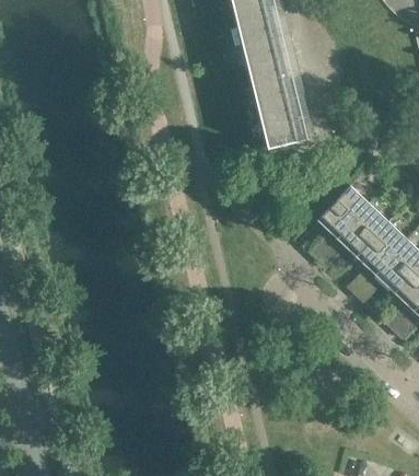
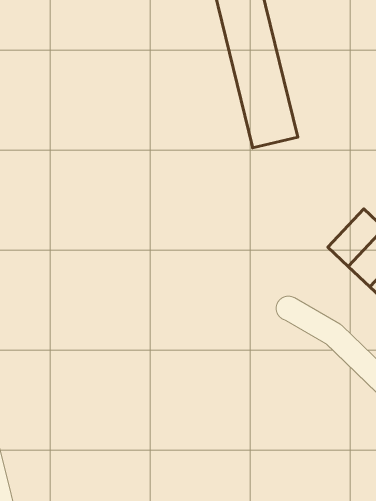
building: [316,185,370,239] -> none

